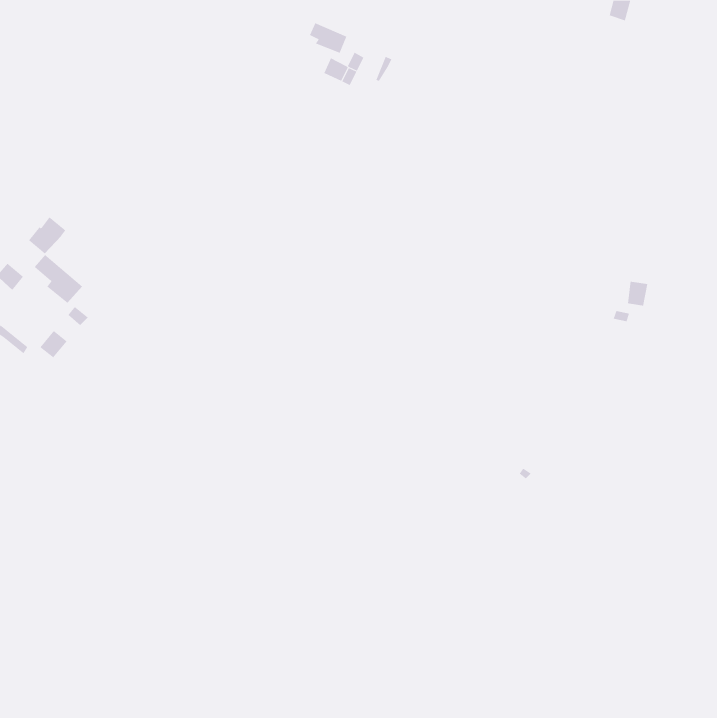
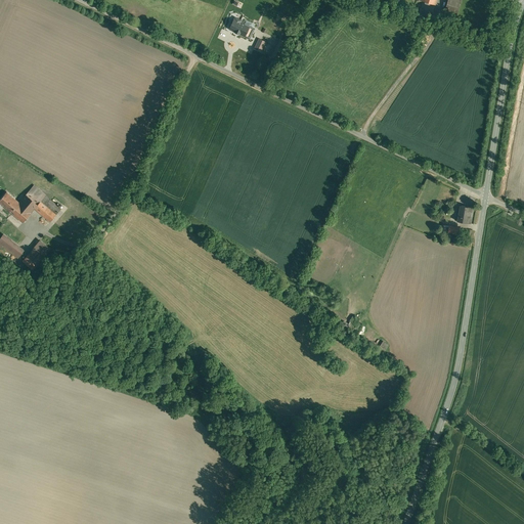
building: [28,216,66,254] -> [9,194,37,222]

